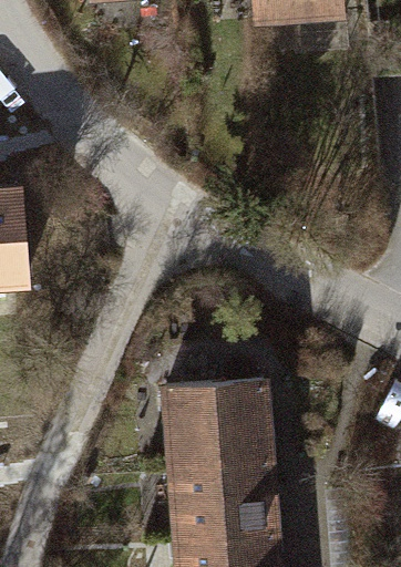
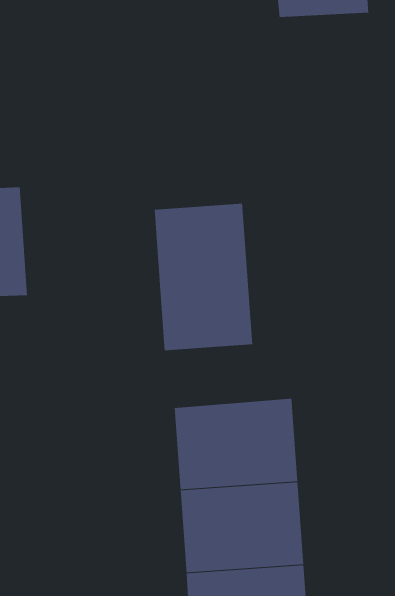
building: none -> [154,203,253,351]

